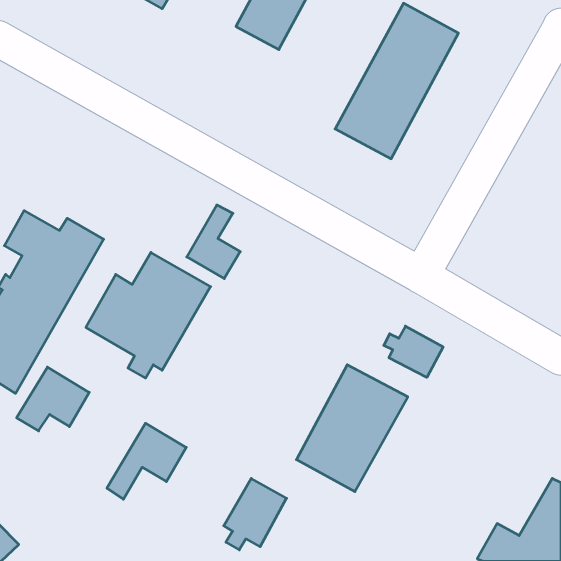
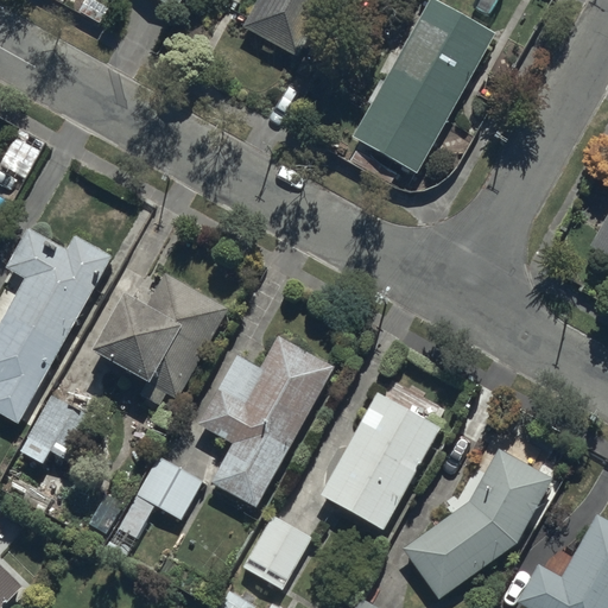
building: [187,205,240,279] -> none
building: none -> [197,335,334,507]
building: [384,326,443,377] -> none
building: none -> [400,449,552,600]

